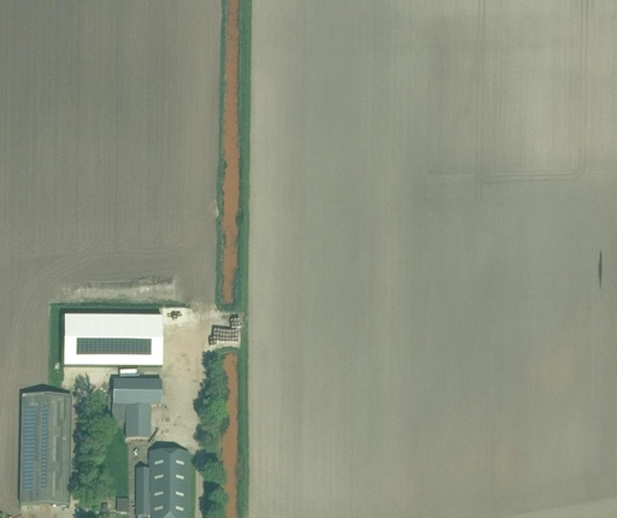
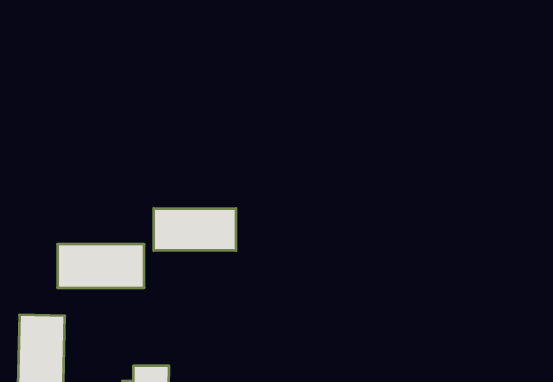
building: none -> [154,208,236,251]
building: [113,378,163,436] -> none

